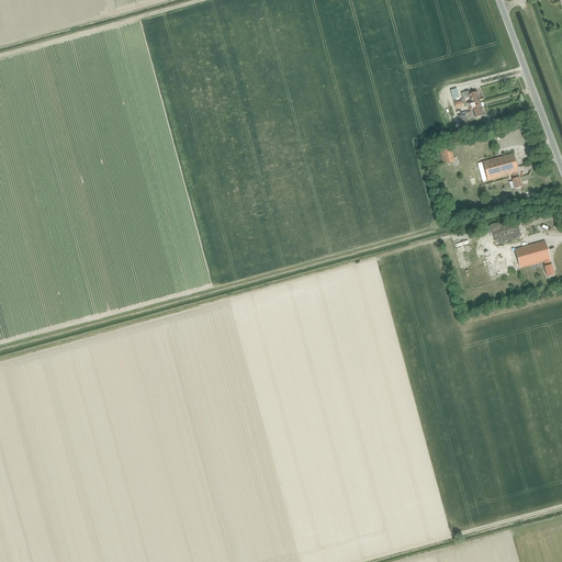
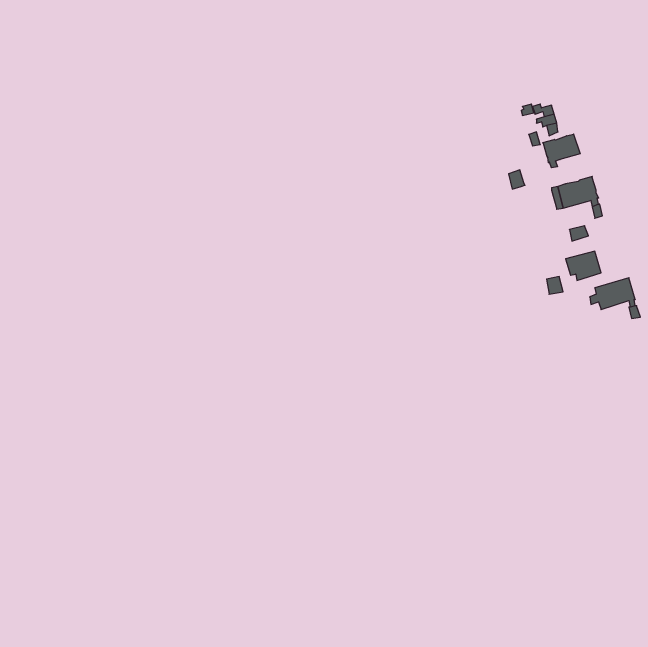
building: none -> [543,134,580,168]

